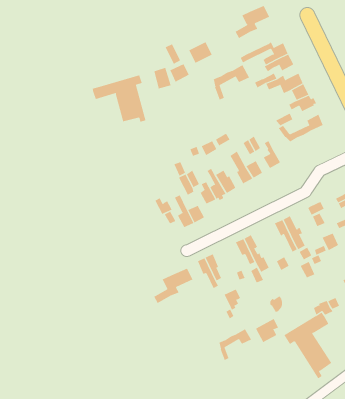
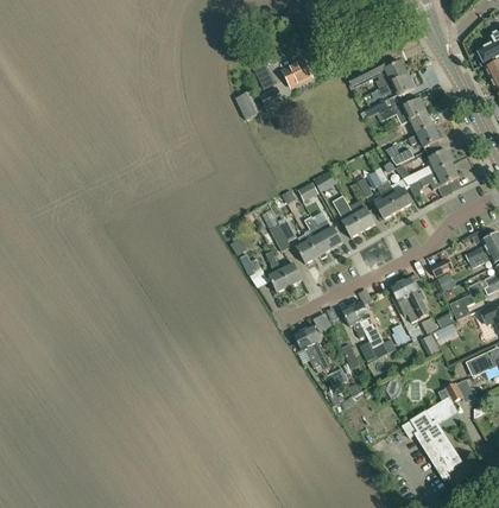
building: [235,5,270,39] -> none
building: [213,64,250,101] -> none
building: [92,75,146,123] -> none
building: none -> [419,164,459,195]
building: none -> [377,170,412,210]
building: [153,268,193,304] -> none
building: [218,328,252,361] -> none

